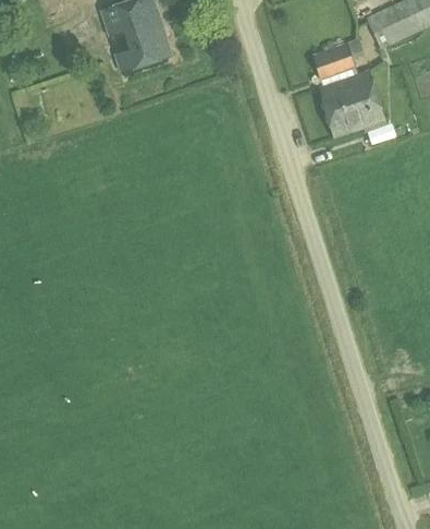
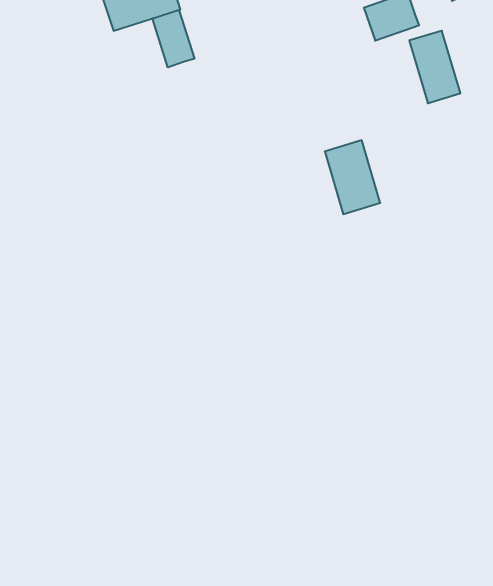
building: none -> [152,10,194,67]
building: [319,79,361,135] -> [325,140,380,214]

